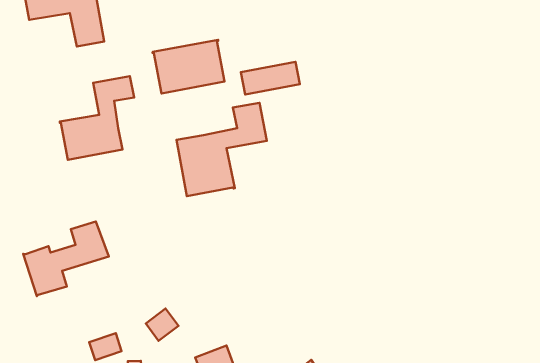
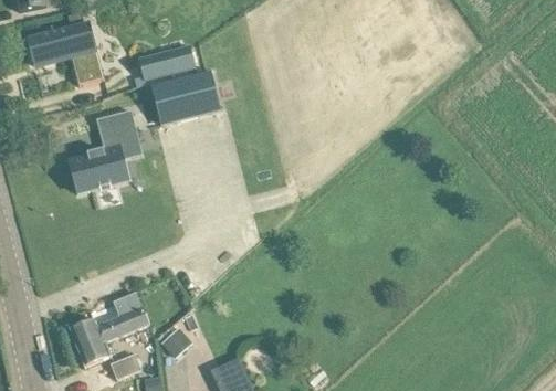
building: [241,62,300,95] -> [138,46,195,81]
building: [177,103,267,196] -> none
building: [23,221,109,296] -> [70,293,150,367]

